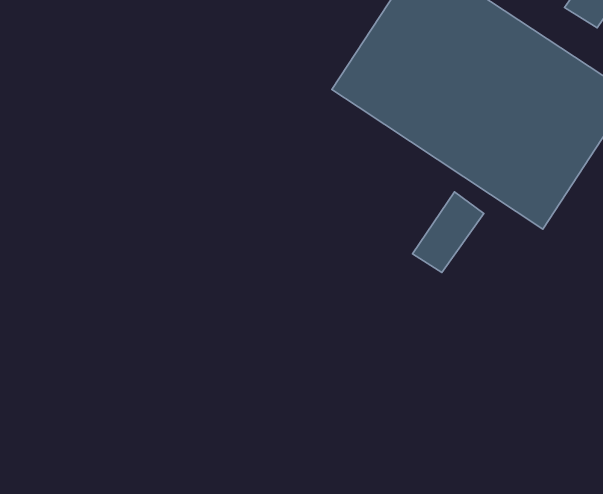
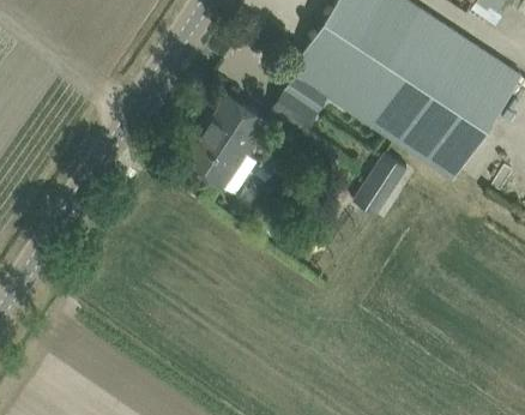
building: none -> [272,89,316,128]
building: none -> [180,95,271,193]

